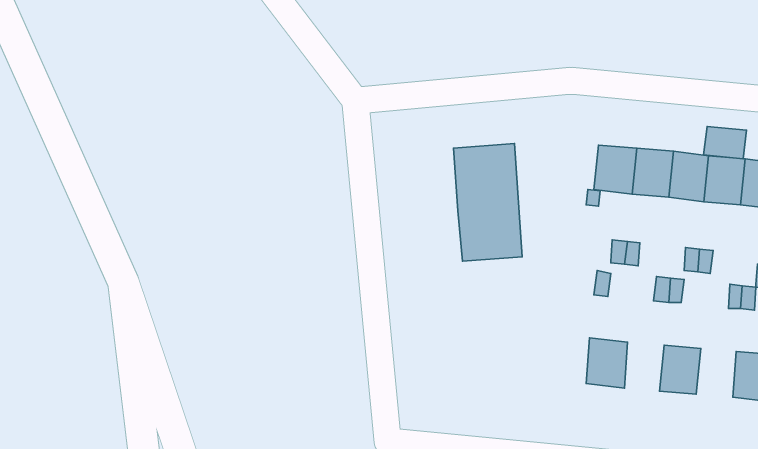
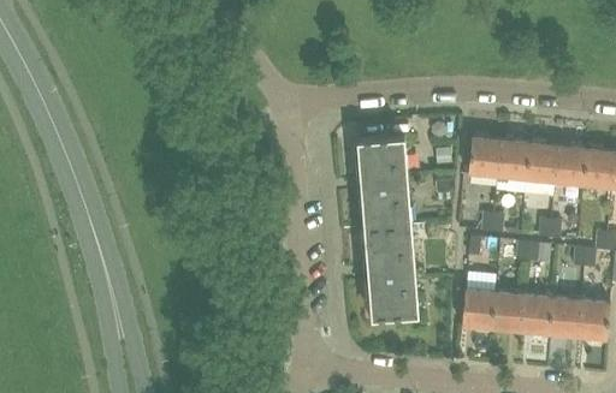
building: [704,126,746,159] -> none
building: none -> [365,225,419,317]
building: none -> [492,292,523,331]
building: none -> [549,297,580,335]

